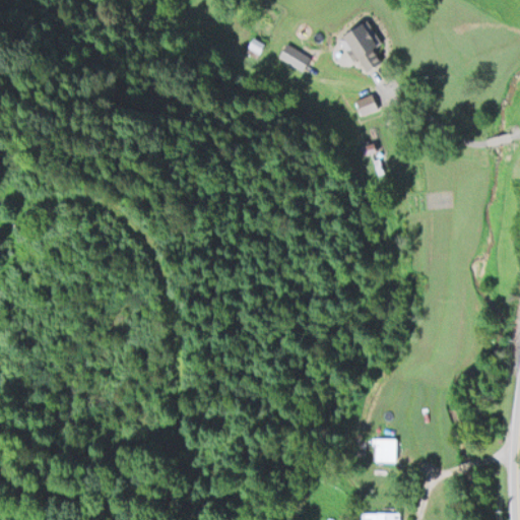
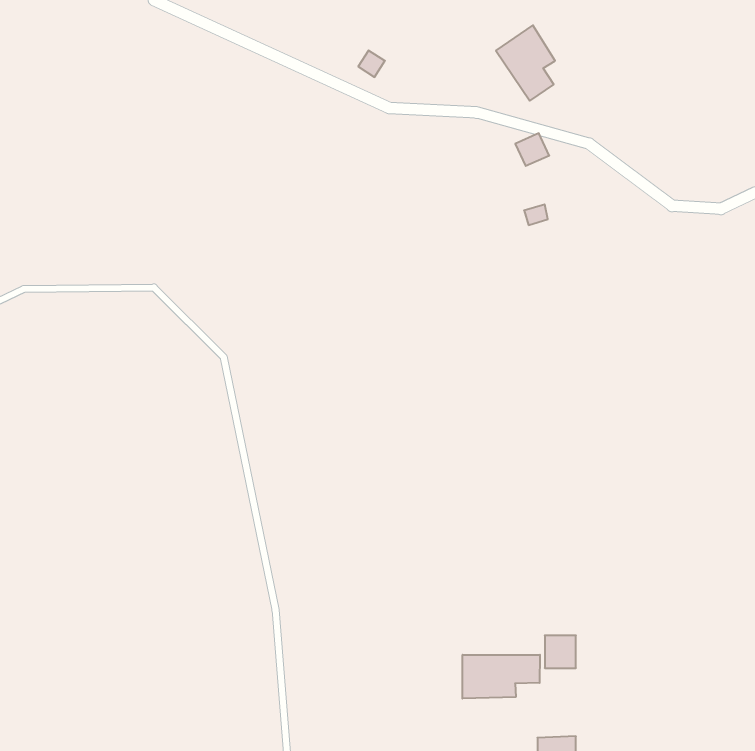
building: [278,45,311,72] -> none
building: none -> [462,655,540,699]

